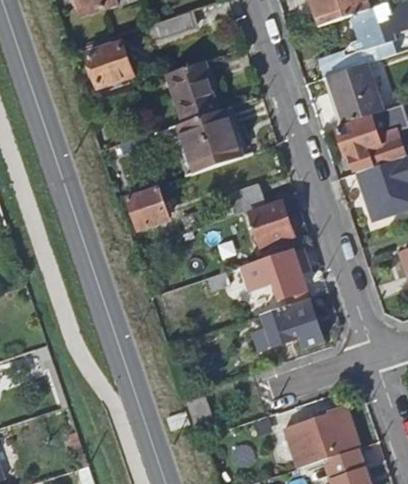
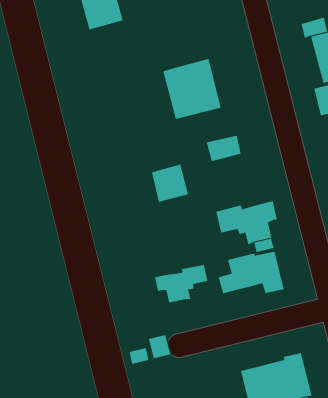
building: [167,60,219,122] -> none
building: [127,187,168,229] -> [151,164,189,203]
building: [251,199,294,244] -> none
building: none -> [155,264,208,303]

